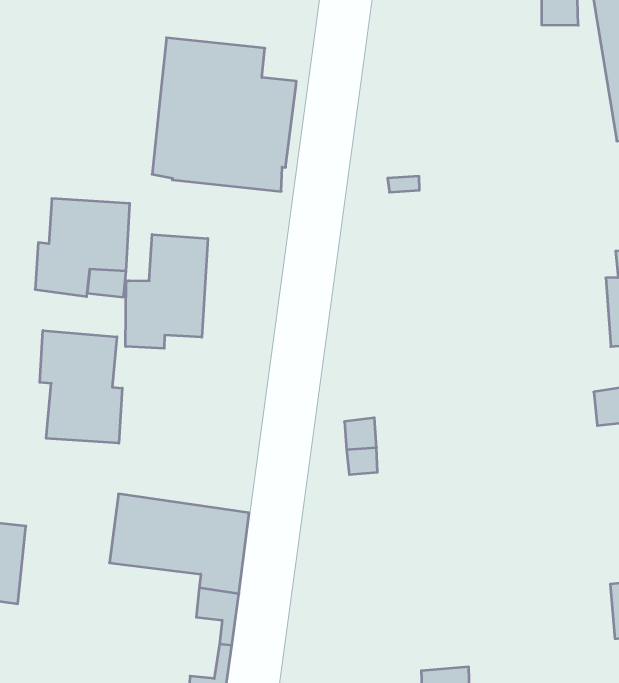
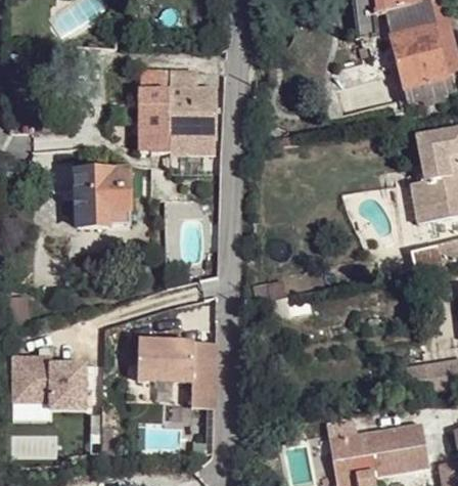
building: [126,234,208,348] -> none
building: [40,330,122,443] -> none

